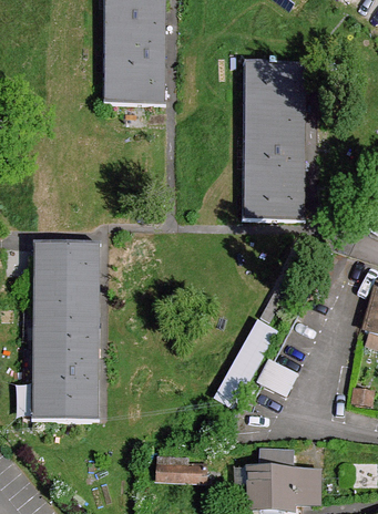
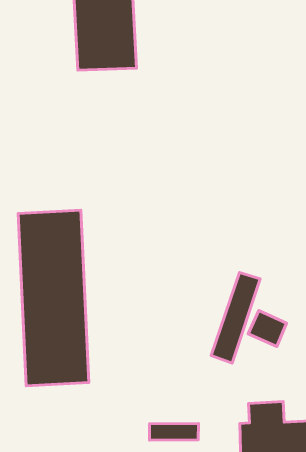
building: [244,62,306,216] -> none

